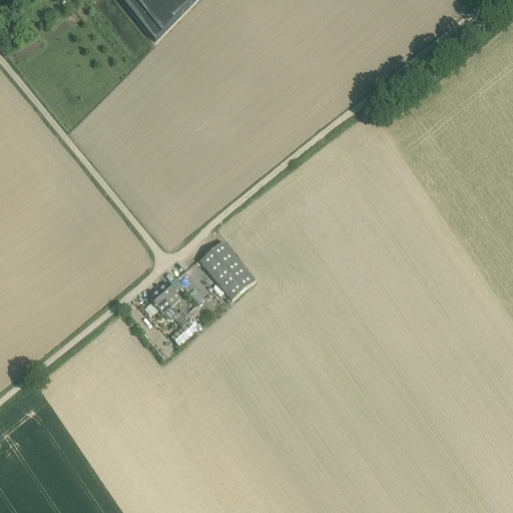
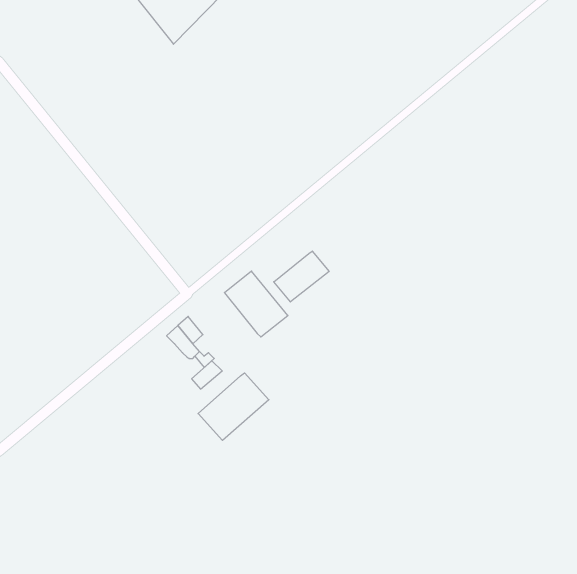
building: none -> [274,251,329,302]
building: none -> [198,373,269,440]

